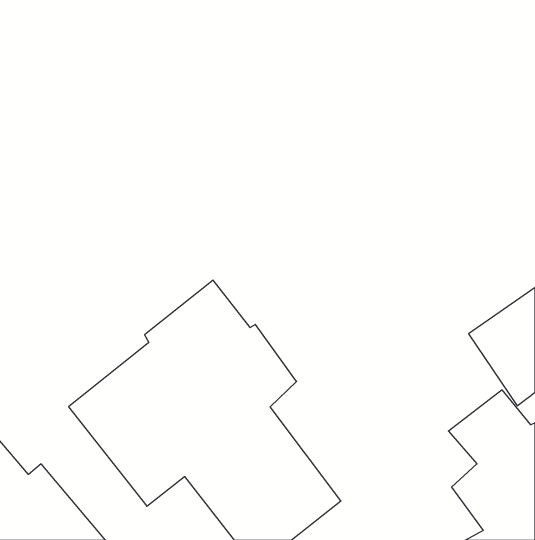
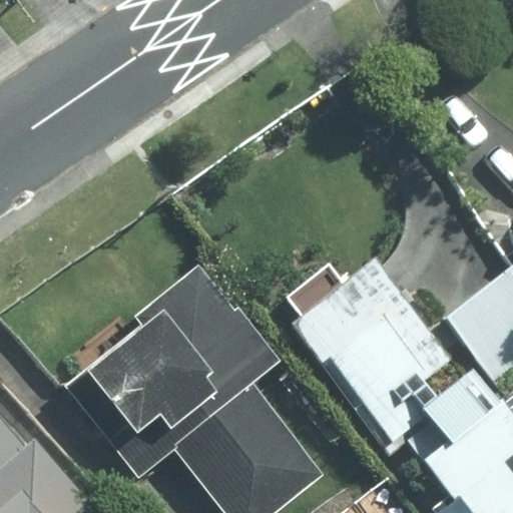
building: none -> [290,264,451,453]

